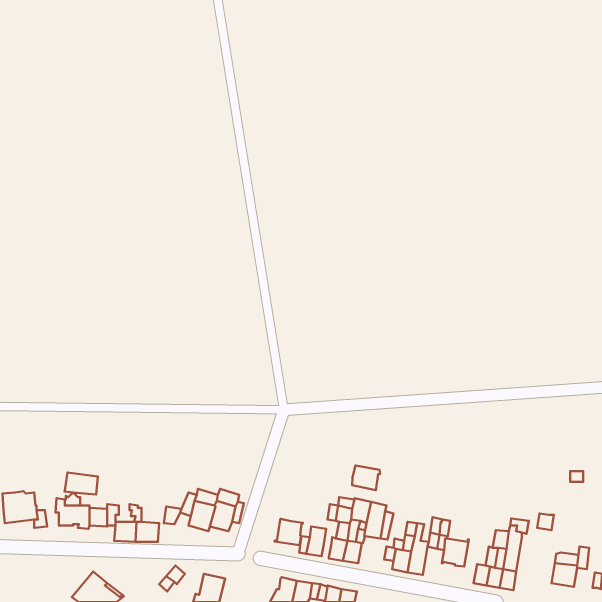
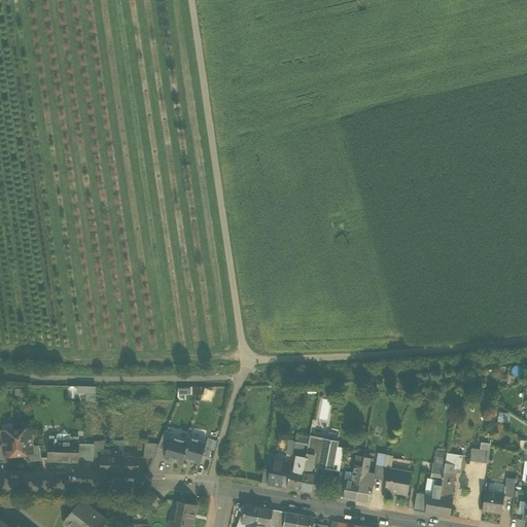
building: [352,465,380,490] -> none
building: [65,473,98,494] -> none
building: [275,519,303,545] -> none

